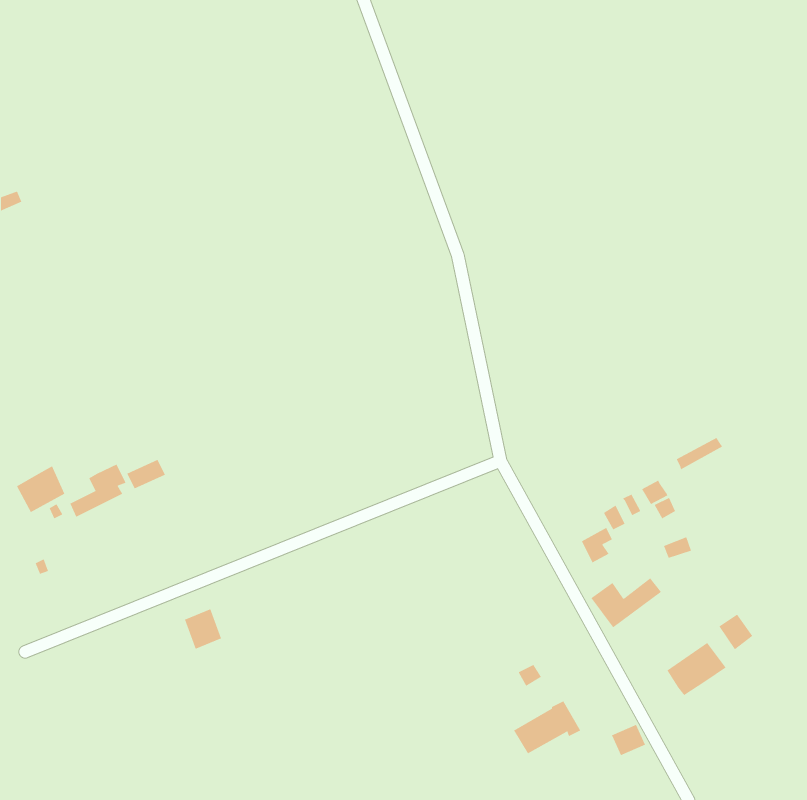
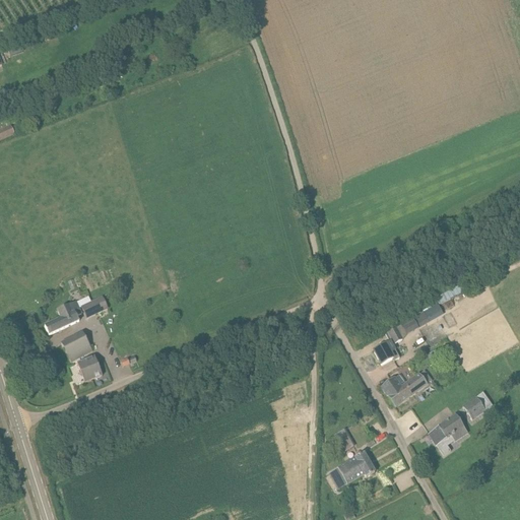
building: [16,466,65,513] -> [61,329,92,360]
building: [184,608,222,649] -> [77,353,102,380]

